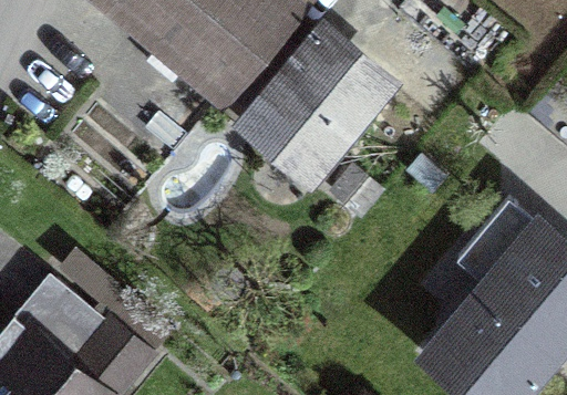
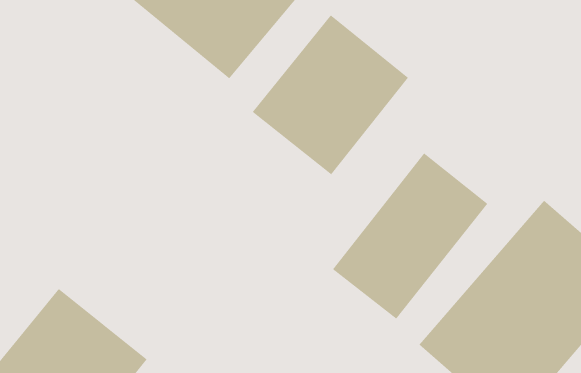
building: none -> [332,152,488,319]

